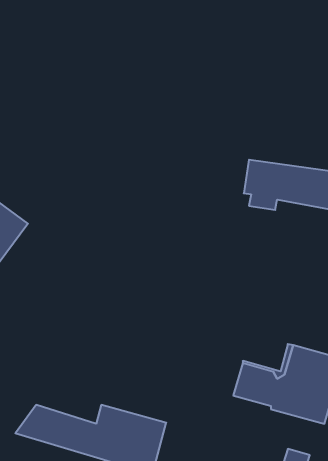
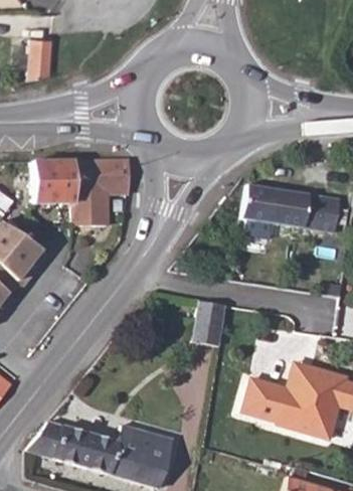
building: none -> [28,40,51,80]
building: none -> [34,161,130,226]
building: none -> [194,299,231,345]

